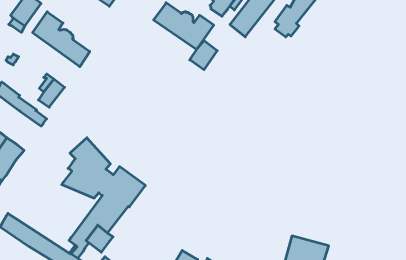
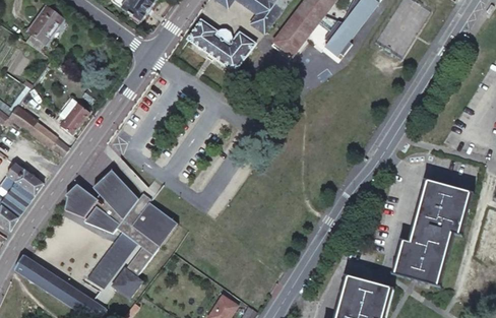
building: [33,12,90,67] -> none
building: [190,40,217,70] -> none
building: none -> [390,181,466,285]
building: none -> [65,183,97,217]

